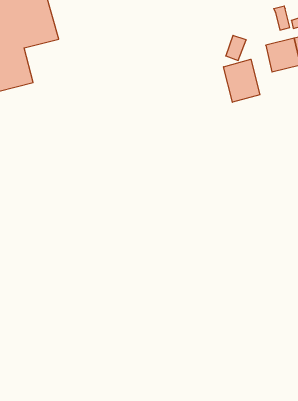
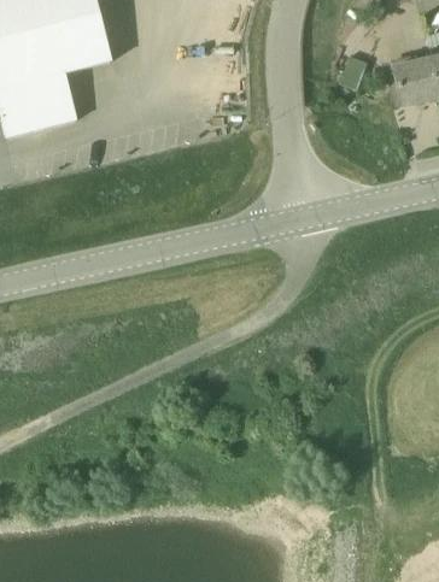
building: [224,59,260,102] -> none

